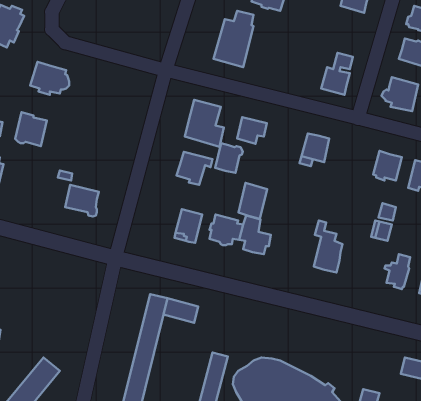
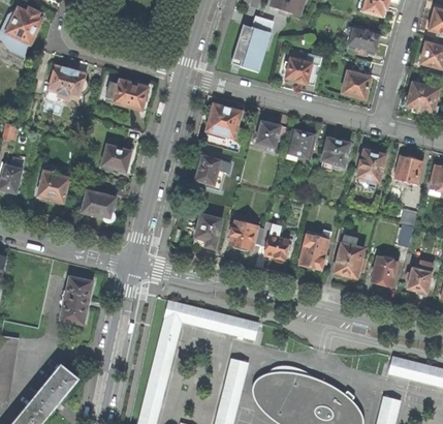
building: none -> [348,24,379,55]
building: none -> [284,53,321,85]
building: none -> [105,80,148,110]
building: [15,112,47,146] -> [38,169,70,203]
building: none -> [103,144,131,170]
building: none -> [356,147,385,182]
building: [215,143,243,173] -> [287,128,315,158]
building: [238,183,267,219] -> [298,233,327,269]
building: none -> [370,255,398,286]
building: none -> [60,276,91,323]
building: none -> [213,312,258,339]
building: none -> [388,356,425,381]

